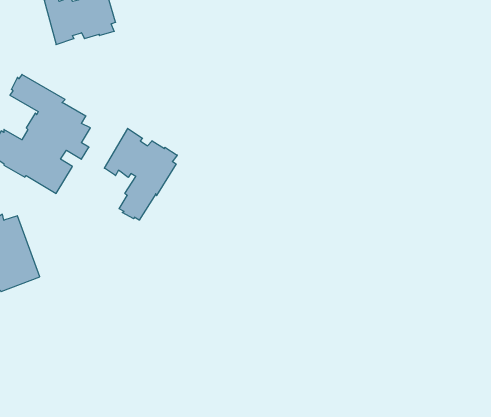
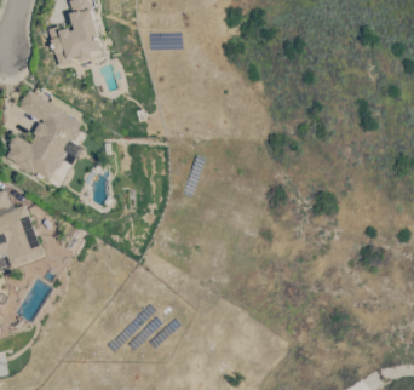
building: [104,128,177,220] -> none

